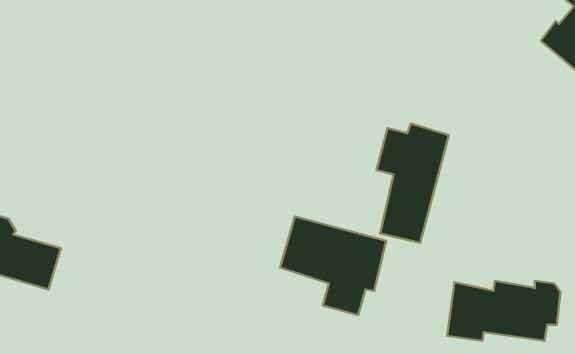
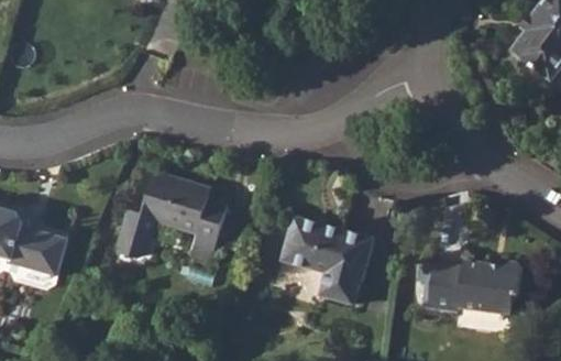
building: [376,124,449,243] -> none
building: none -> [119,177,223,263]

